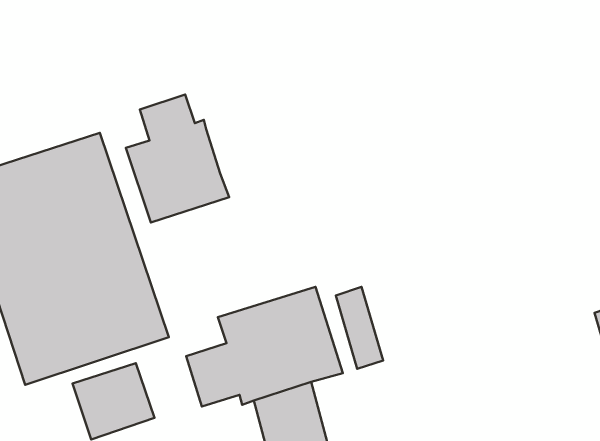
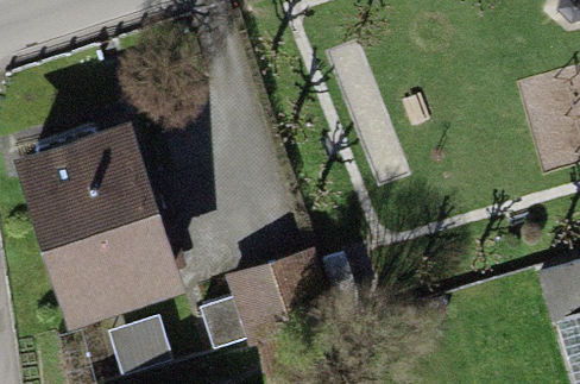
building: [126,94,229,223] -> none

